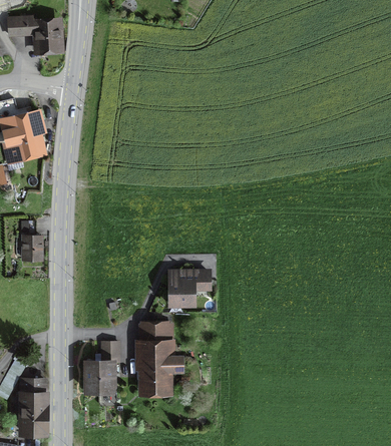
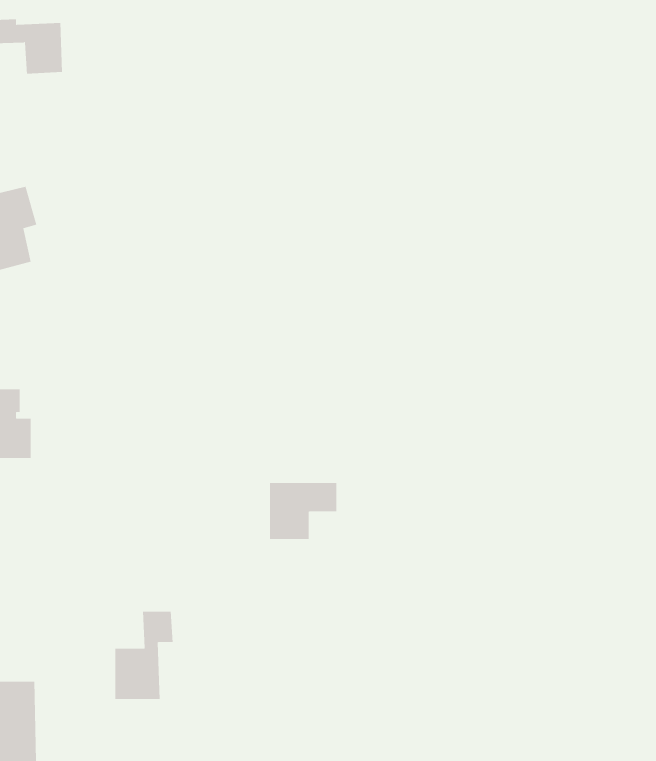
building: [143,324,200,392] -> none

